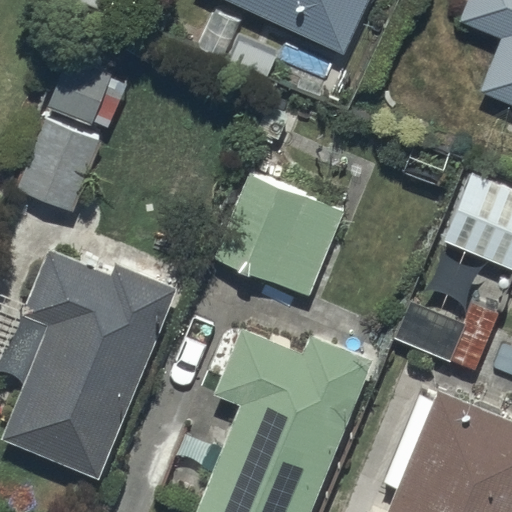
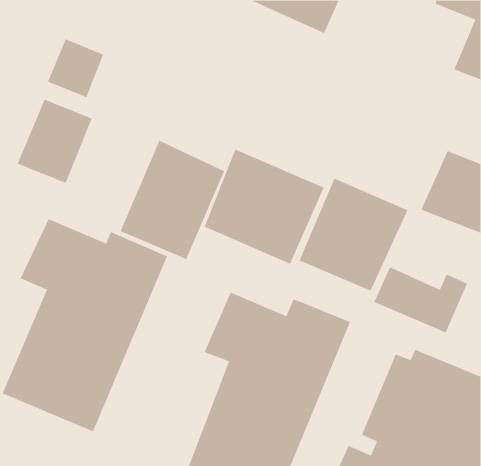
building: none -> [120,140,225,260]
building: none -> [299,178,408,292]

